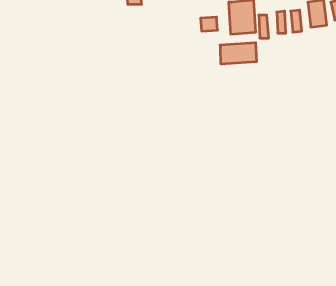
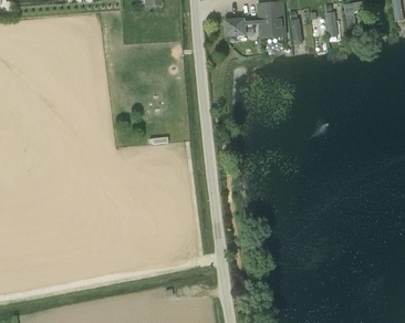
building: [220,43,256,64] -> none

